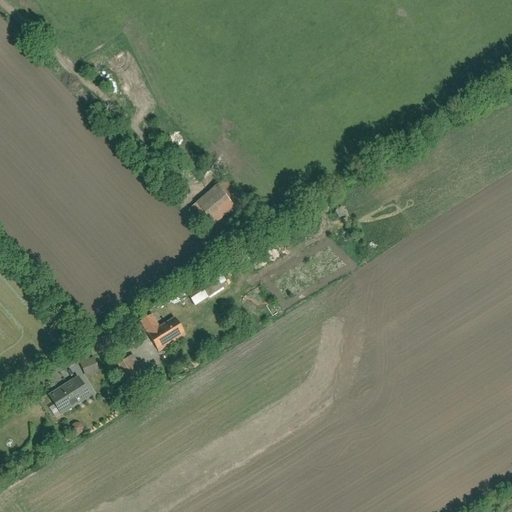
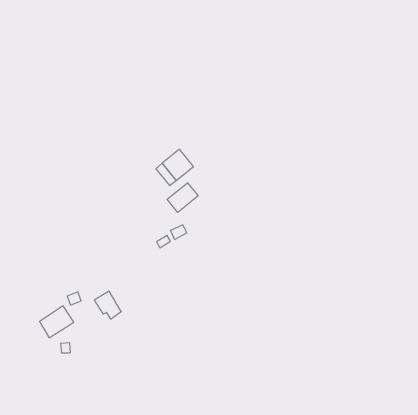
building: none -> [167,183,198,212]
building: [142,312,185,347] -> none

